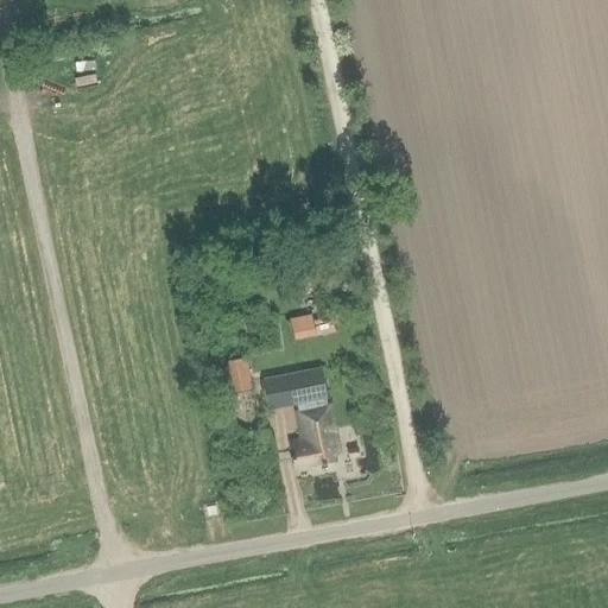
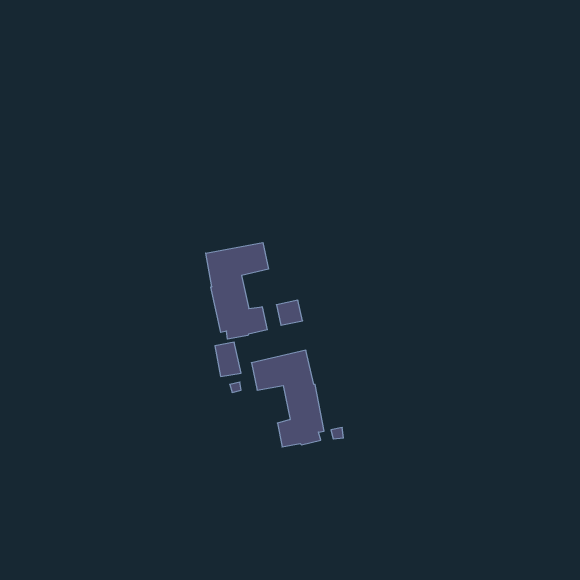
building: none -> [206,243,268,339]

